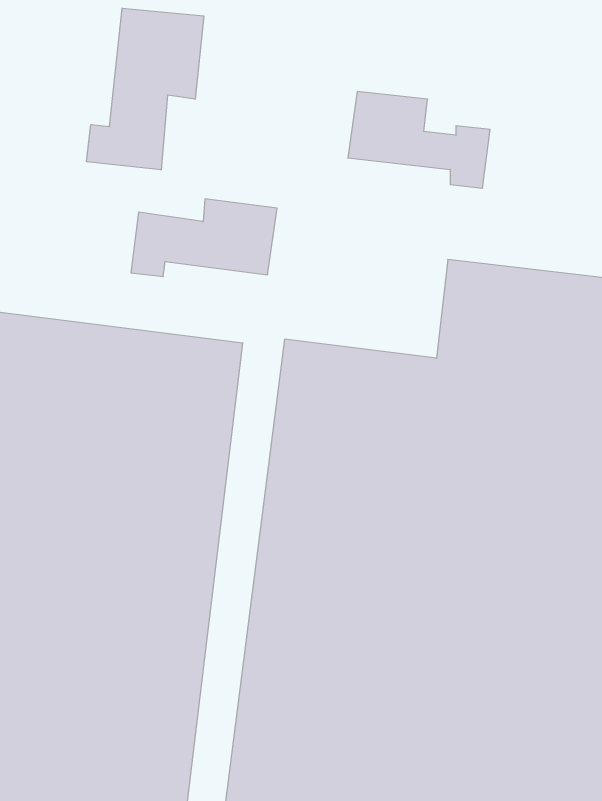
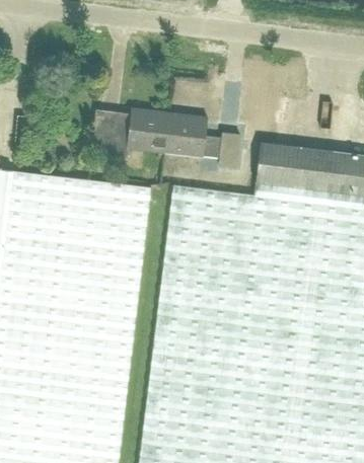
building: [87,8,204,170] -> none
building: [348,92,490,188] -> [164,115,240,167]

